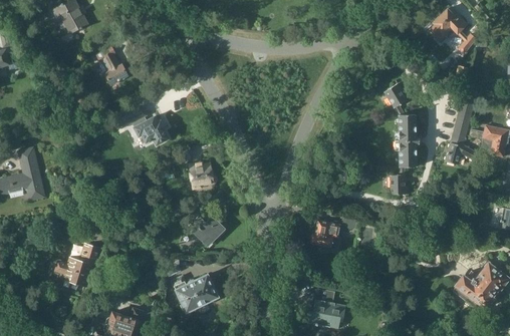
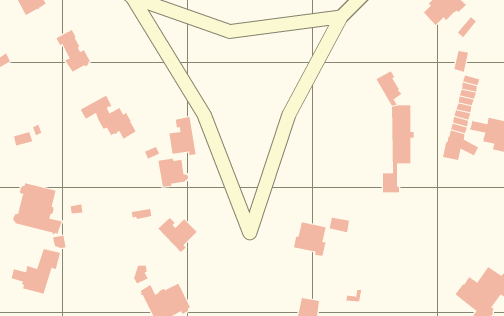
building: none -> [169,116,196,156]
building: none -> [12,182,63,235]

